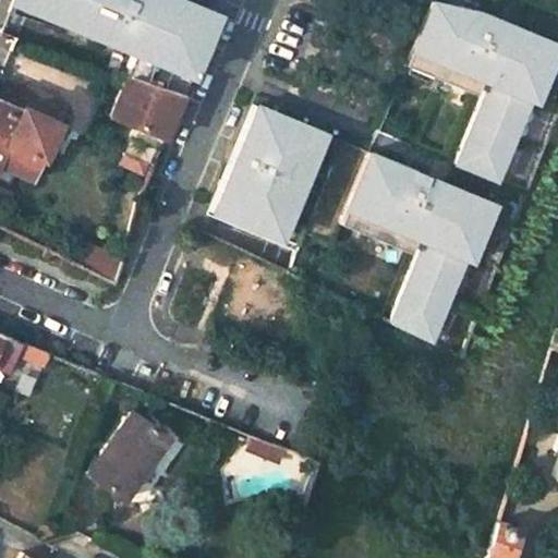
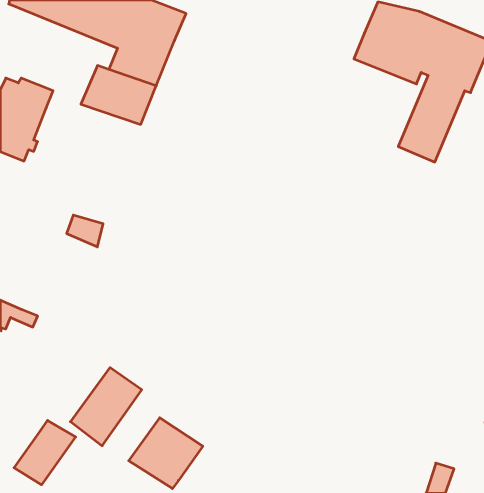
building: [215,107,327,242] -> none
building: [345,151,500,341] -> none
building: none -> [129,418,203,489]
building: none -> [14,420,76,485]

